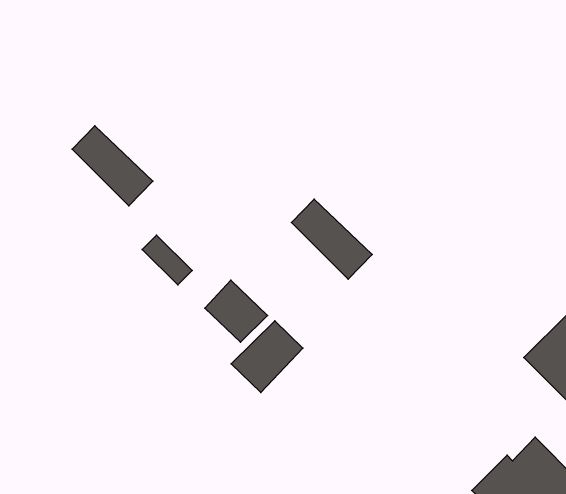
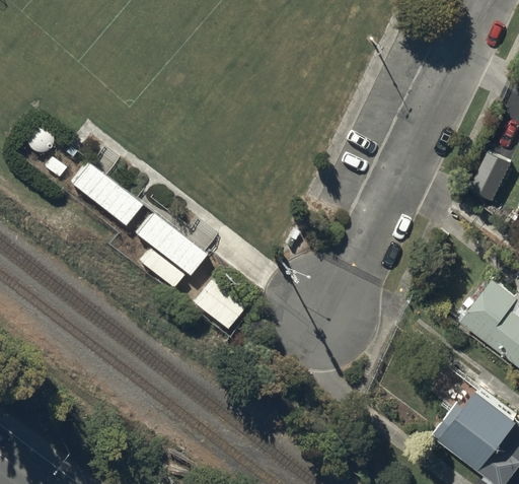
building: [292,199,372,279] -> [139,217,208,279]
building: [231,321,303,393] -> none

